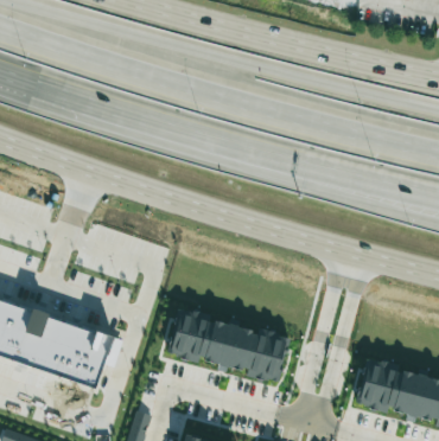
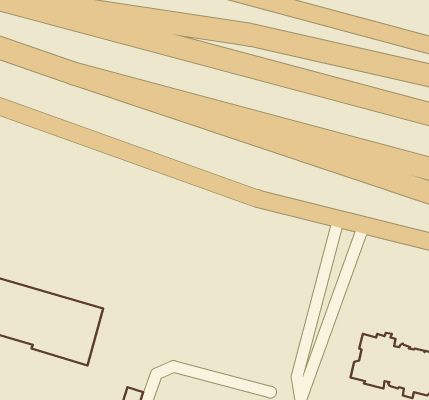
building: [167,306,291,382] -> none

